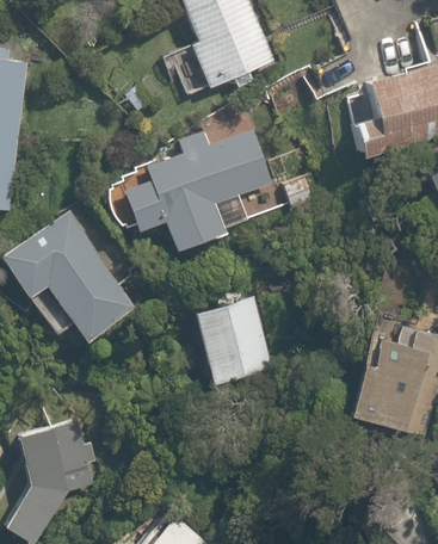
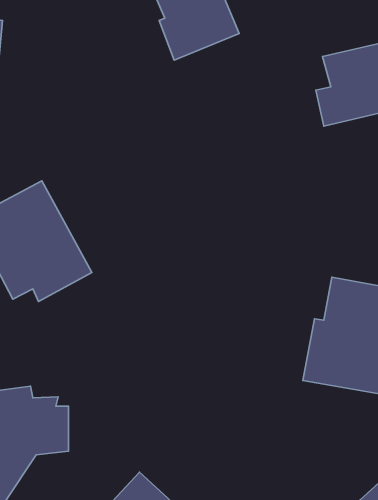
building: [121,132,271,248] -> none
building: [186,297,278,384] -> none

